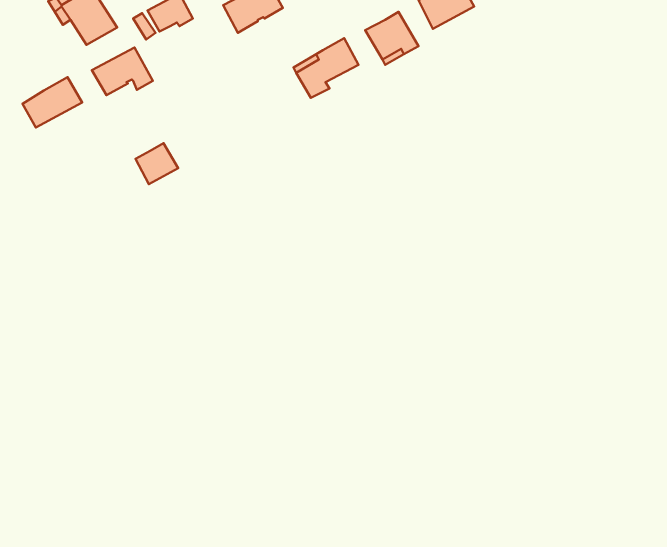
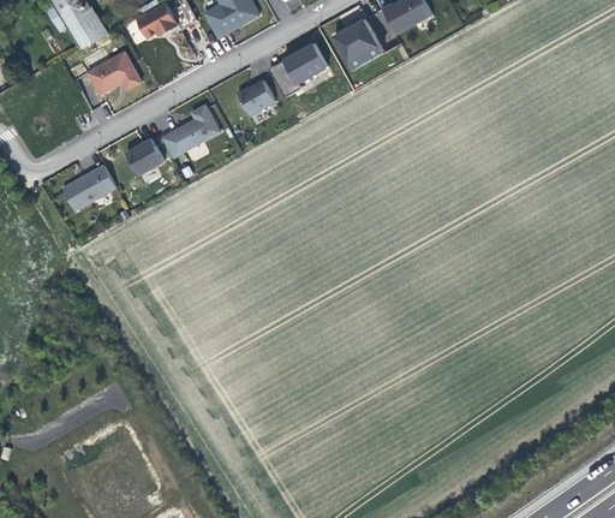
building: [22,77,82,128] -> [62,163,117,209]
building: none -> [238,79,275,114]
building: none -> [173,103,220,150]

